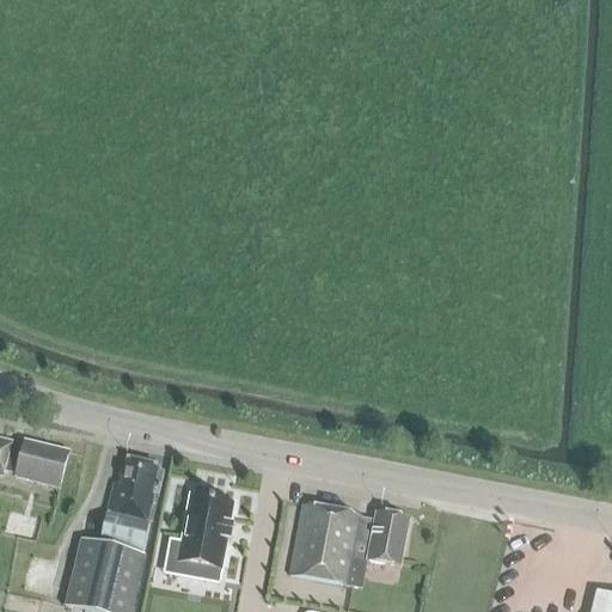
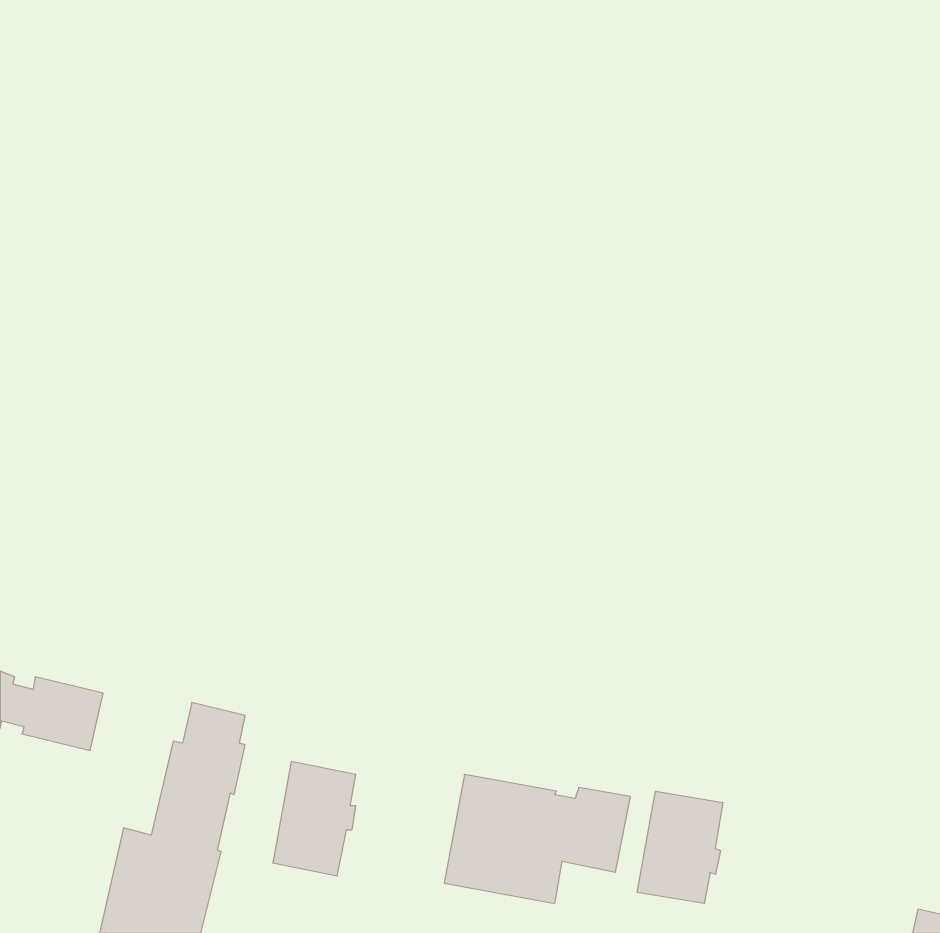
building: none -> [637,791,723,904]

